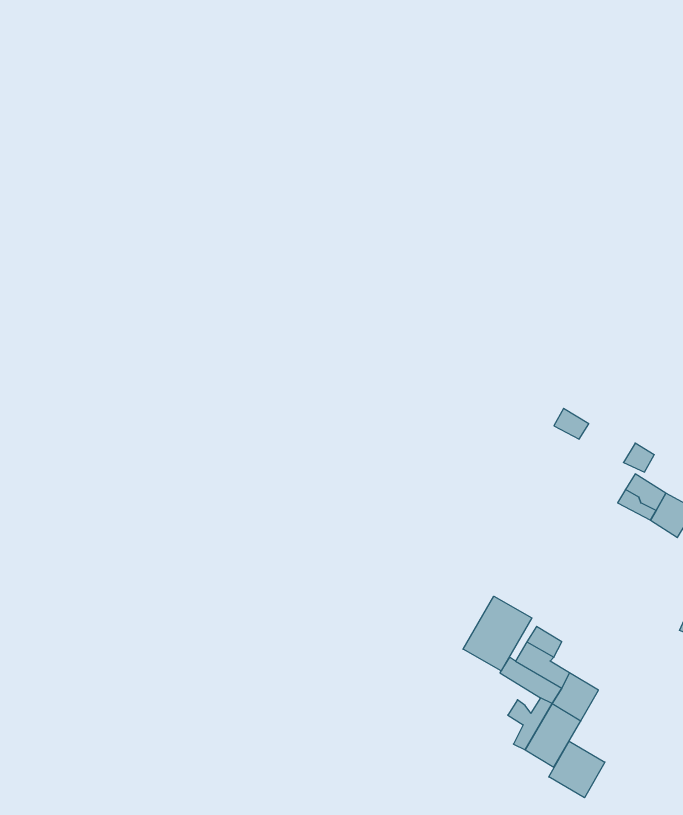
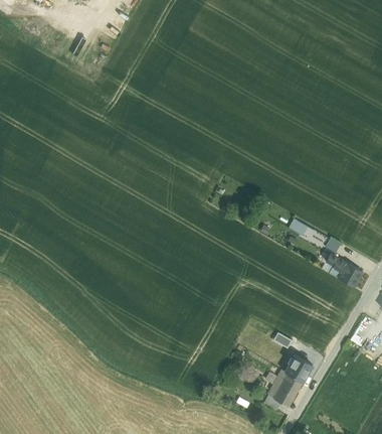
building: [463,596,532,671] -> none
building: [549,741,605,798] -> none

